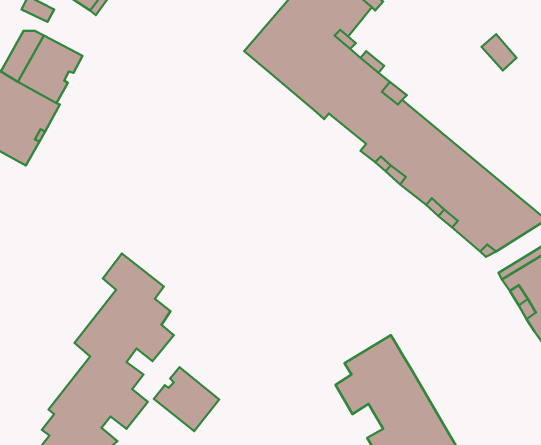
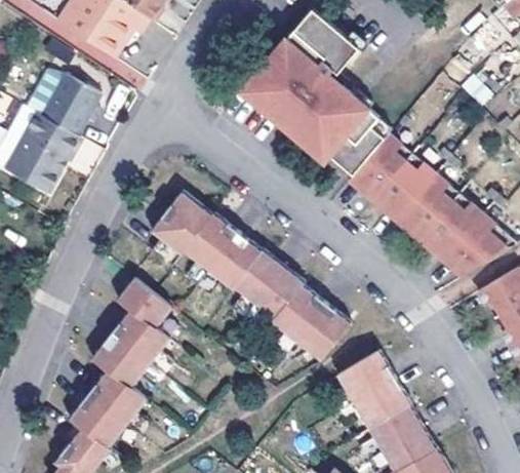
building: none -> [151,188,351,362]
building: [154,367,219,431] -> none

